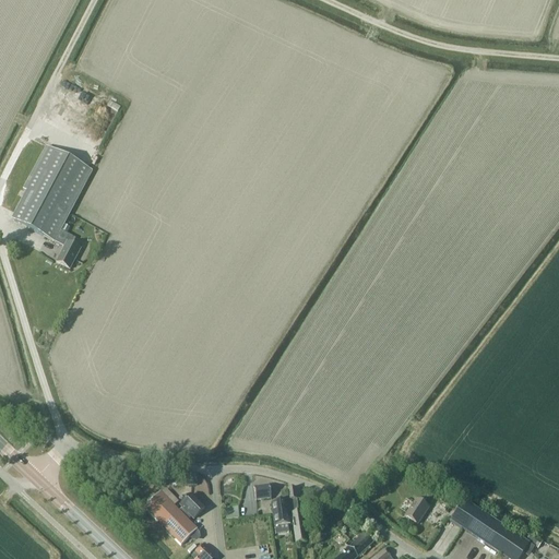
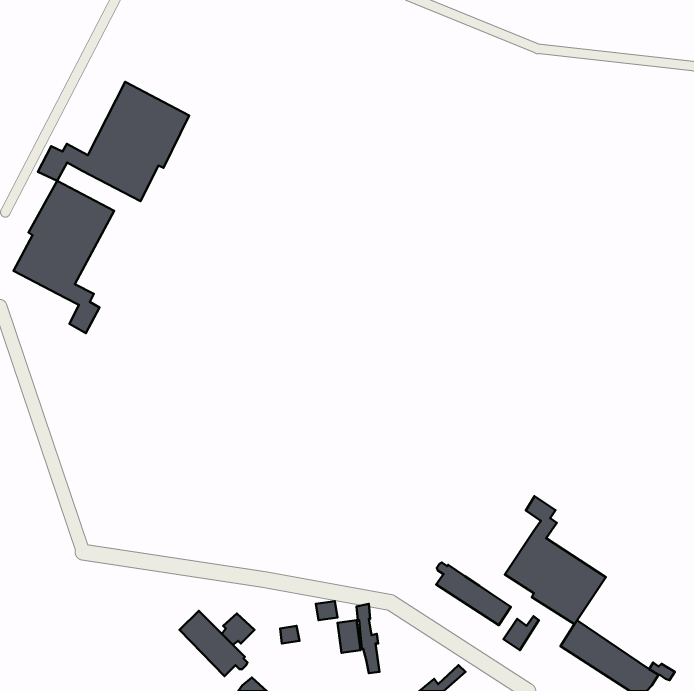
building: none -> [38,82,189,201]
building: none -> [505,496,606,624]
building: none -> [436,563,511,625]

